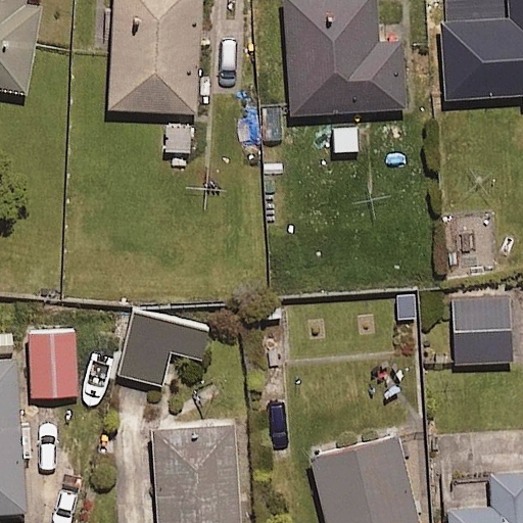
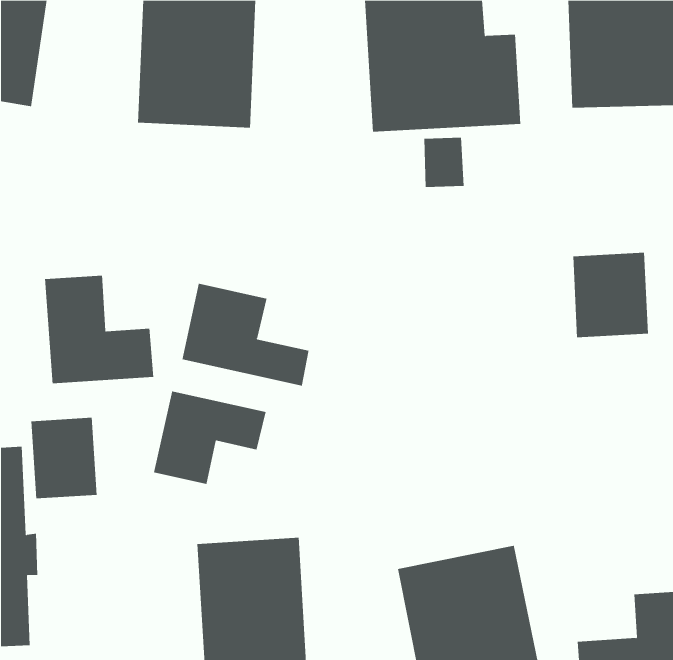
building: none -> [45,275,154,384]
building: none -> [182,283,309,387]
building: [451,299,511,366] -> [572,252,649,338]

